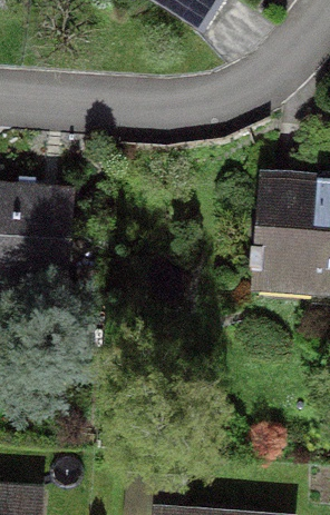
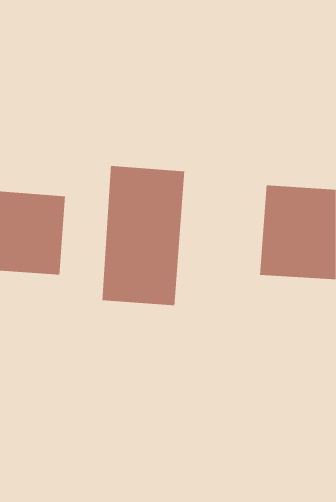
building: none -> [102,165,185,306]

